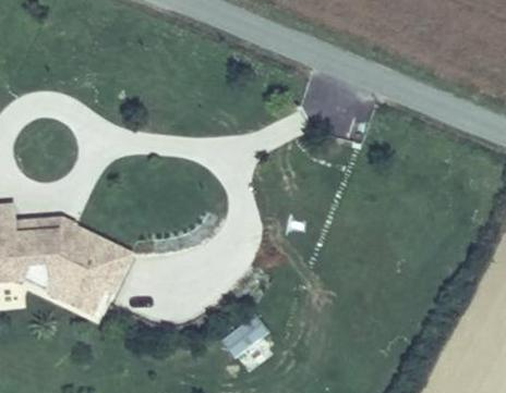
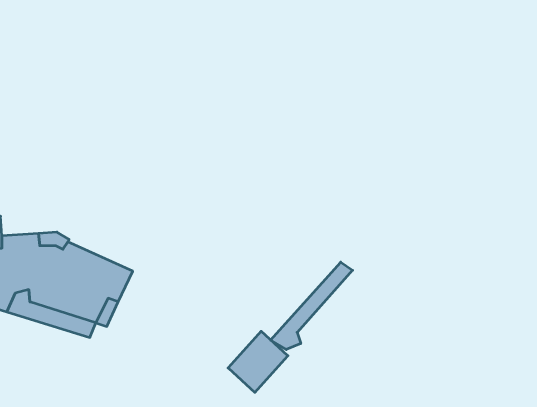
building: none -> [271,262,353,350]

